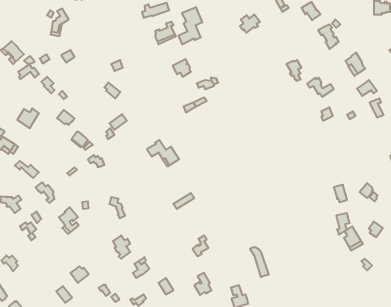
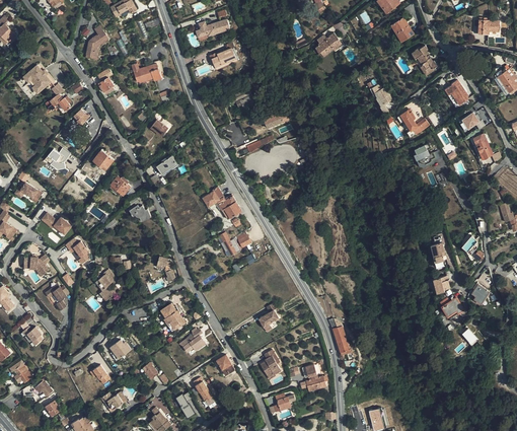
building: [179,7,202,45] -> none
building: none -> [131,62,162,82]
building: none -> [218,231,251,256]

